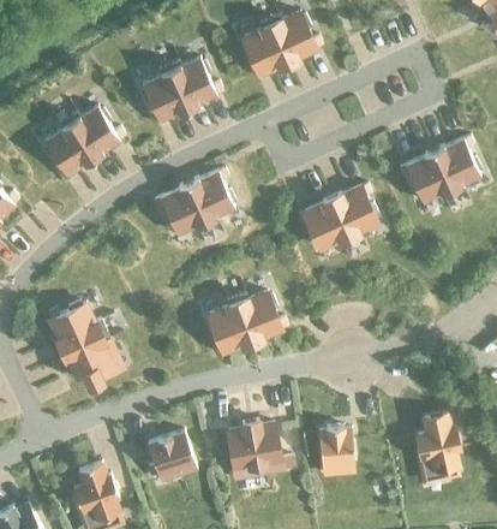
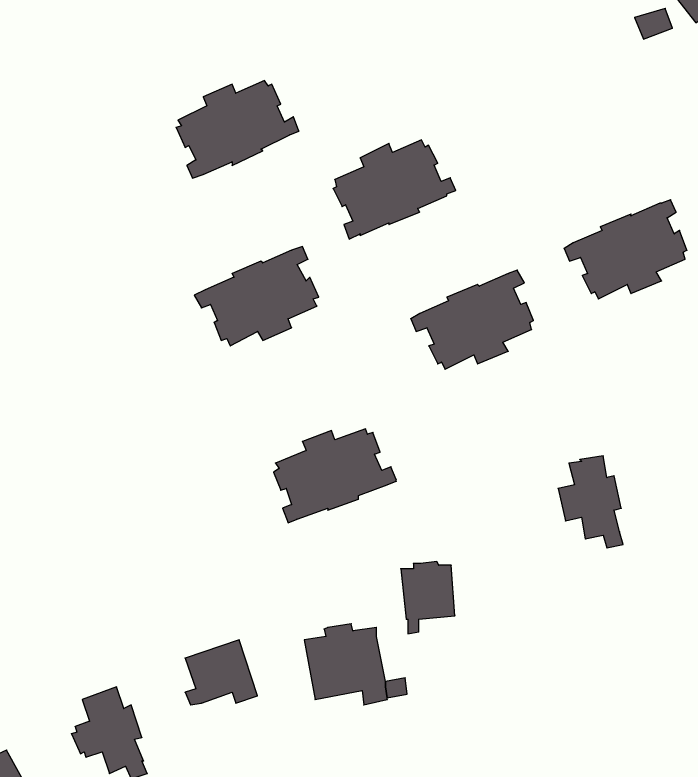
building: [241,12,323,78] -> [333,140,456,239]
building: [43,107,125,179] -> none
building: [47,303,112,385] -> none
building: [415,415,459,476] -> [558,456,623,548]
building: [317,427,353,475] -> [401,562,455,634]

